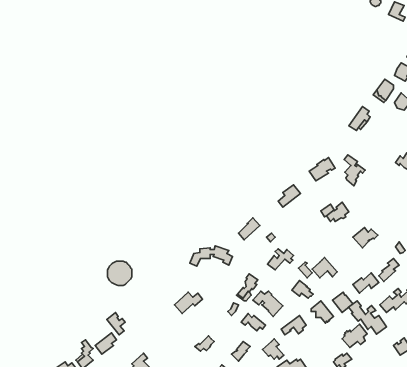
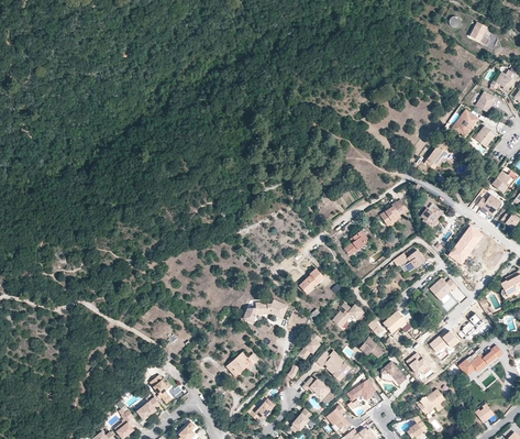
building: none -> [447,224,483,265]
building: [349,301,387,334] -> none

